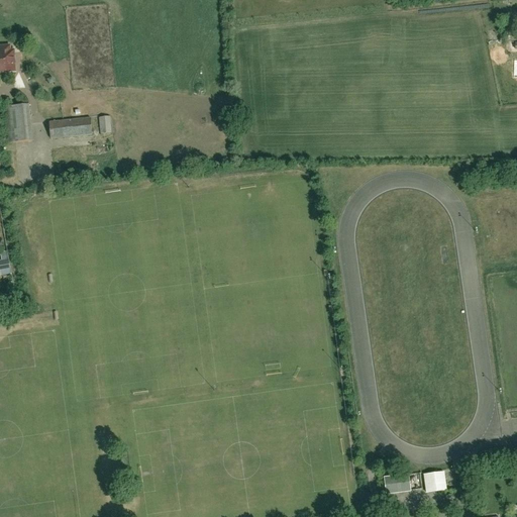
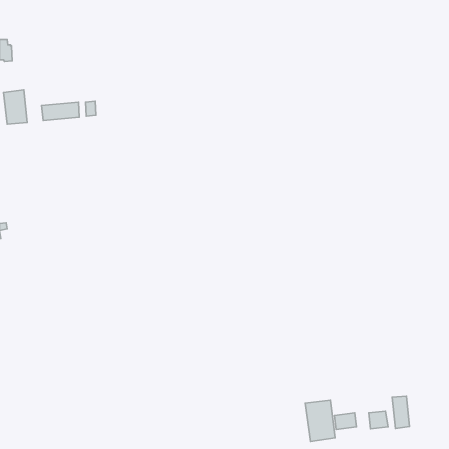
building: none -> [392,396,410,429]
building: none -> [305,400,335,442]

